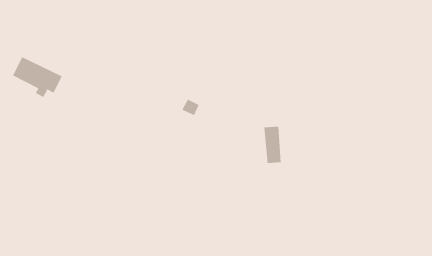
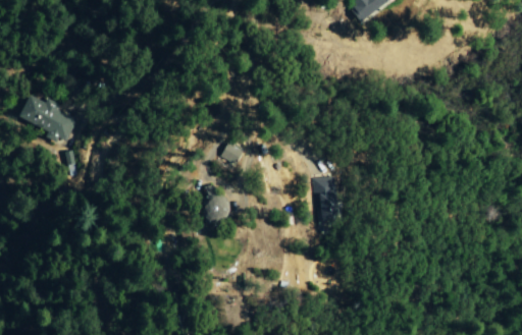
building: none -> [201,194,228,223]

